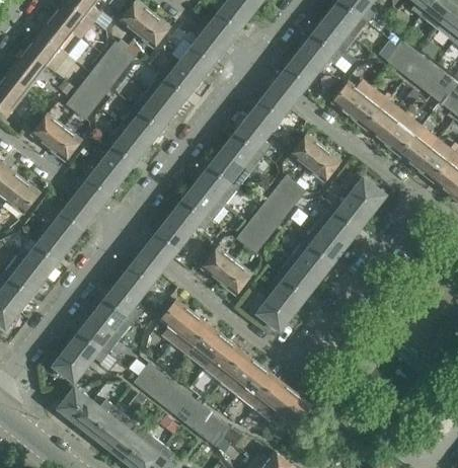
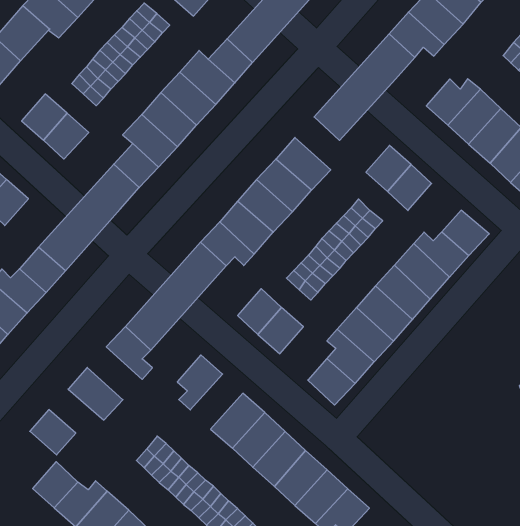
building: [235,116,271,155] -> none
building: [92,299,134,337] -> none
building: [171,313,210,355] -> none
building: [66,332,107,365] -> none

